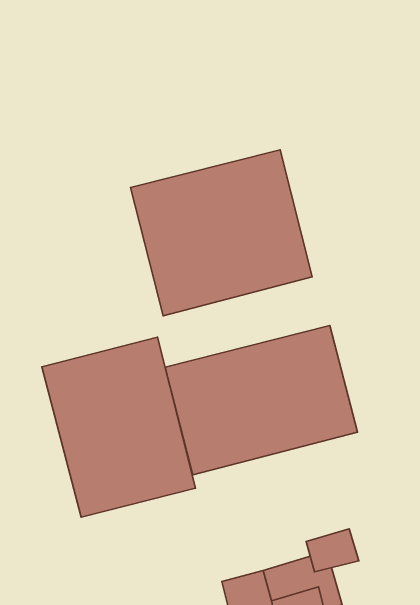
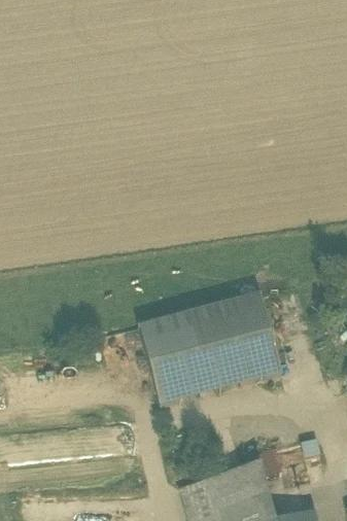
building: [130,150,312,316] -> none
building: [42,337,196,517] -> none

